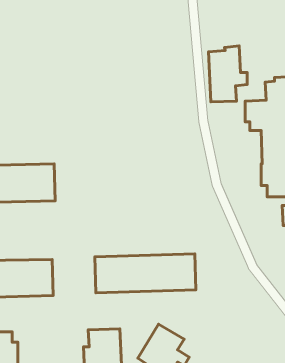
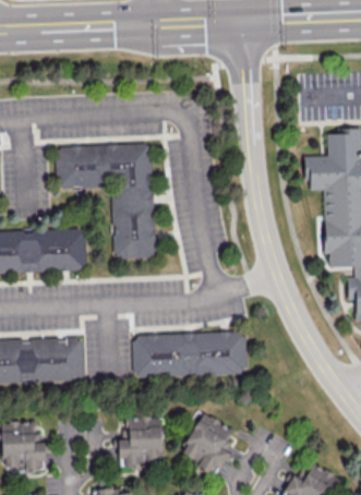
building: [209,46,247,102] -> none
building: none -> [56,144,155,258]

